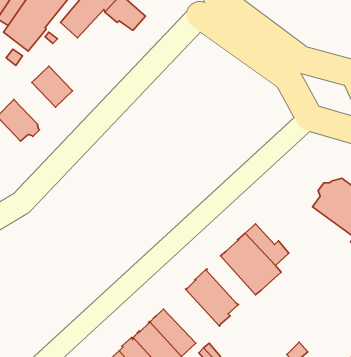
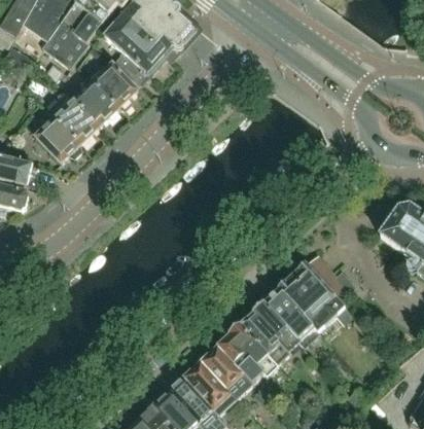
building: none -> [122,21,182,75]
building: none -> [92,64,137,110]
building: none -> [46,93,99,145]
building: none -> [262,288,319,348]
building: none -> [219,324,278,380]

